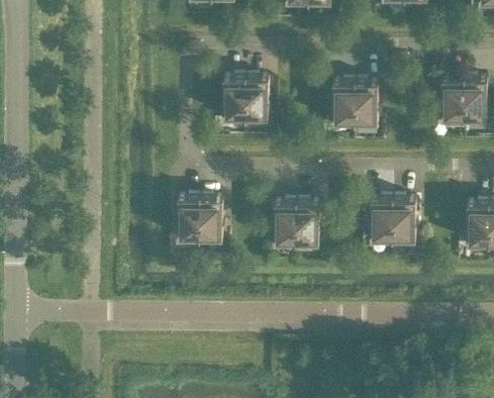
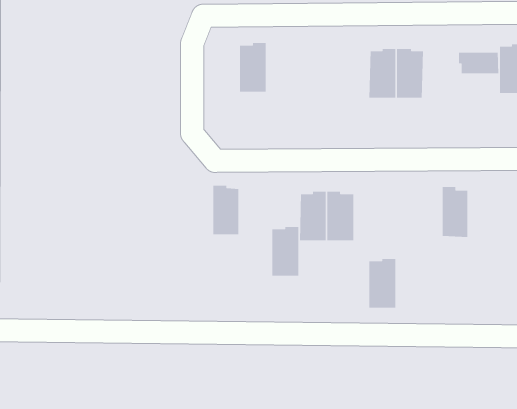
building: [246,77,270,119] -> none
building: none -> [458,52,499,74]
building: [178,197,201,239] -> [271,226,299,276]
building: [371,198,394,240] -> [368,258,396,309]

